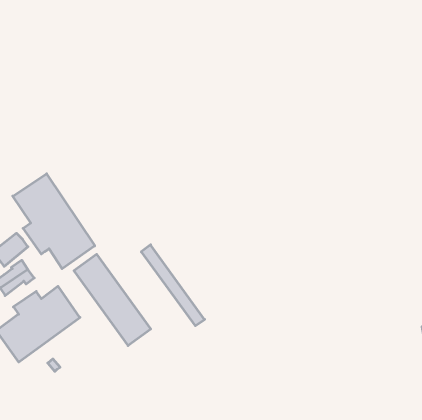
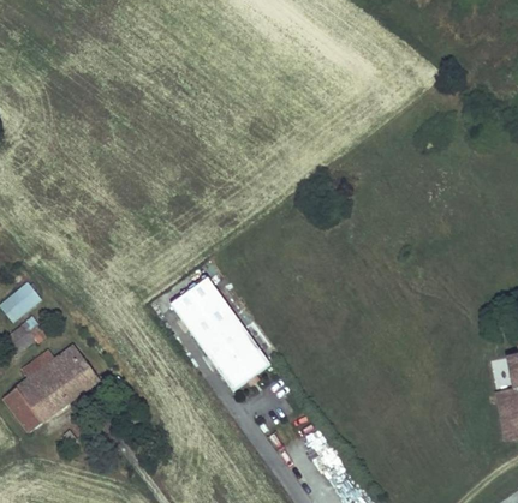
building: [13,174,95,269] -> none
building: [74,254,151,346] -> [181,277,270,383]

